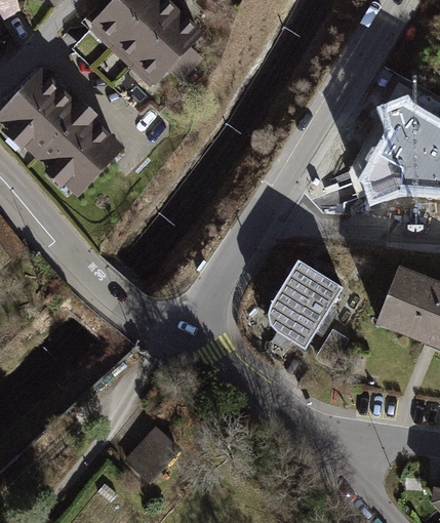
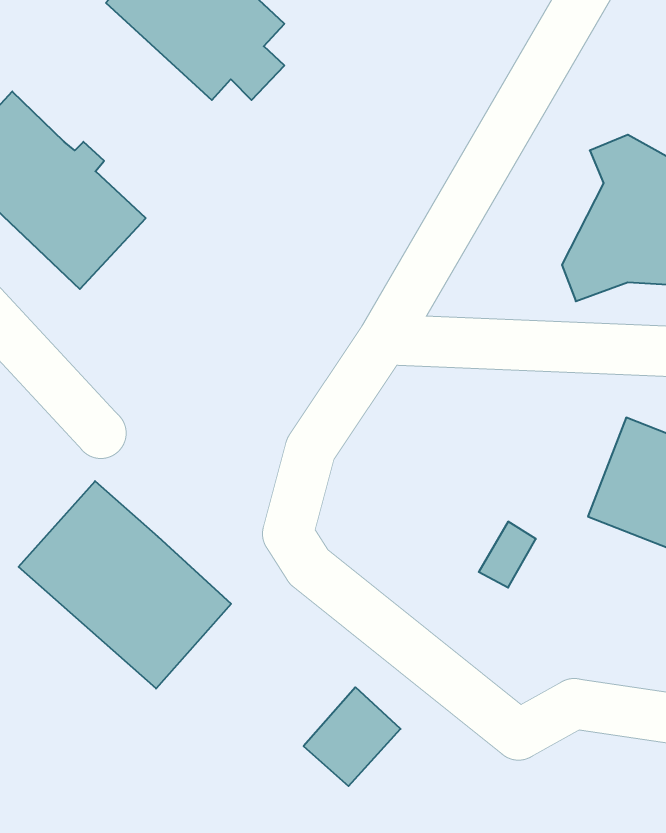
building: [268,261,344,350] -> none
building: none -> [19,481,231,689]
building: [122,424,179,482] -> [304,687,401,786]

